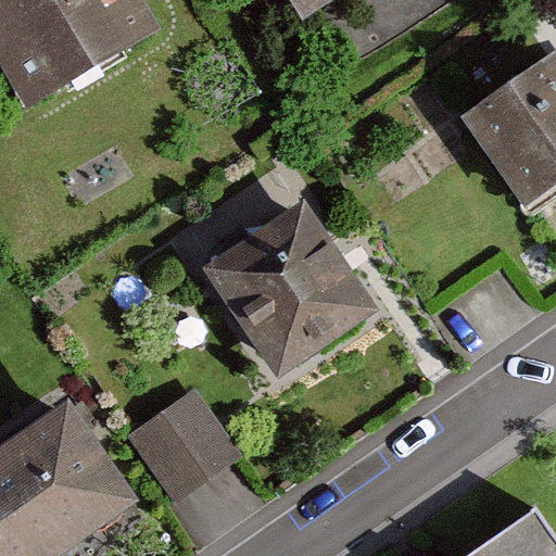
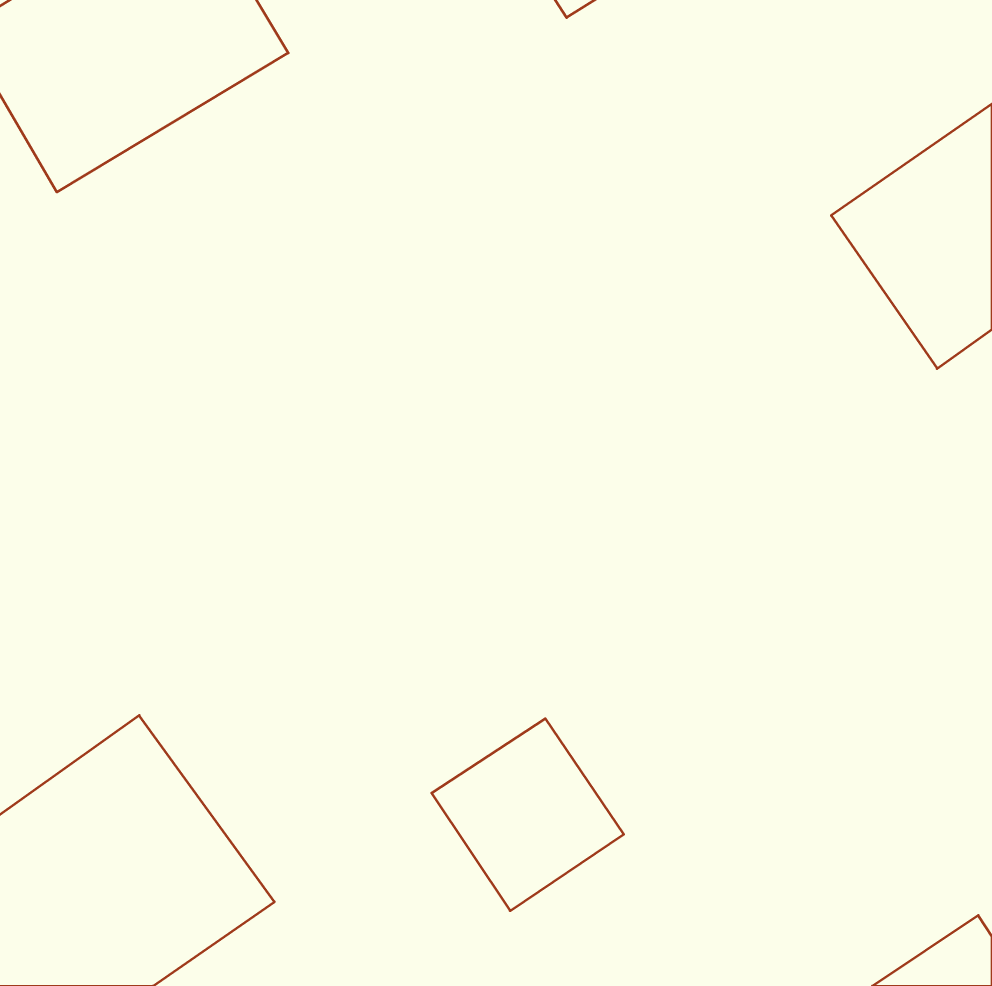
building: [206,203,374,372] -> none
building: [123,394,229,501] -> [432,719,624,911]

